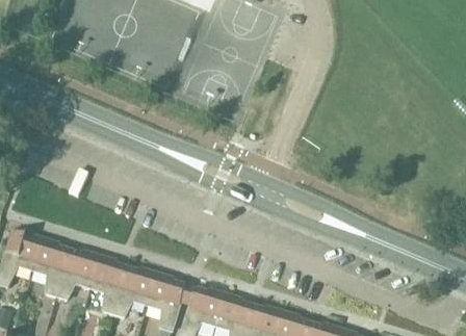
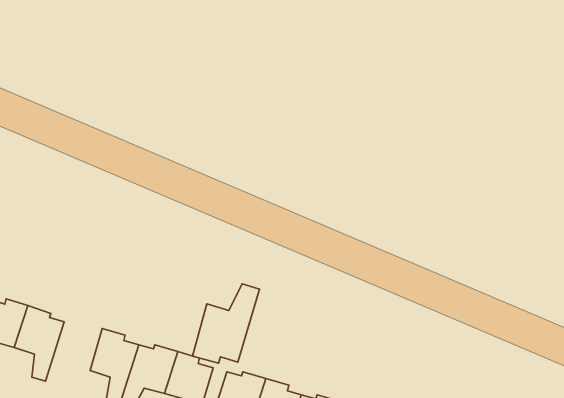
building: none -> [193,284,259,363]
building: [56,251,100,300] -> none

